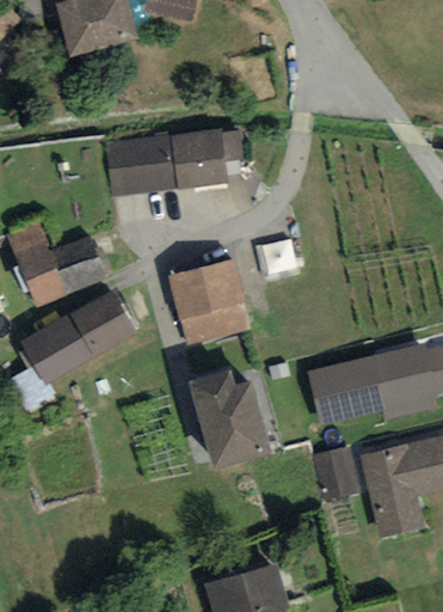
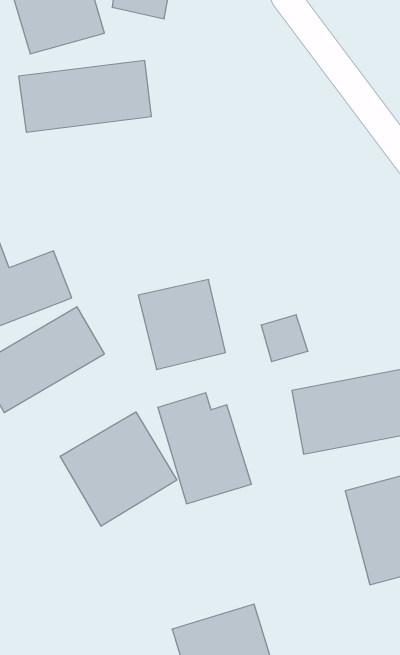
building: [105,131,227,197] -> [19,61,151,132]
building: [260,237,303,280] -> [261,315,308,362]
building: none -> [60,412,177,526]
building: [312,447,358,498] -> none

